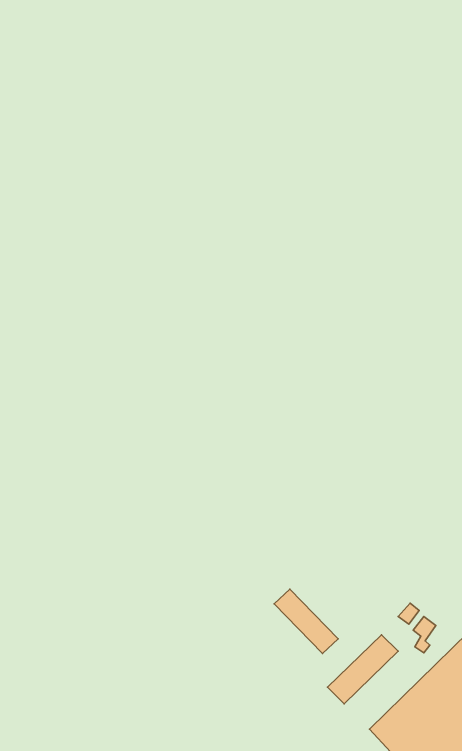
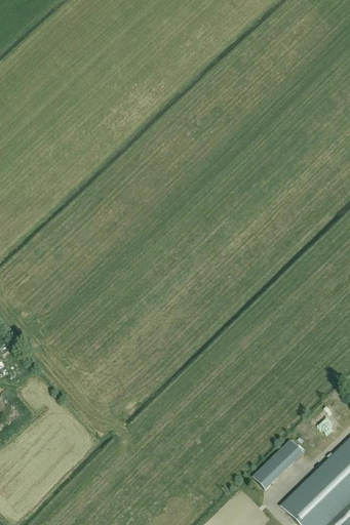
building: [274,589,338,653] -> none

